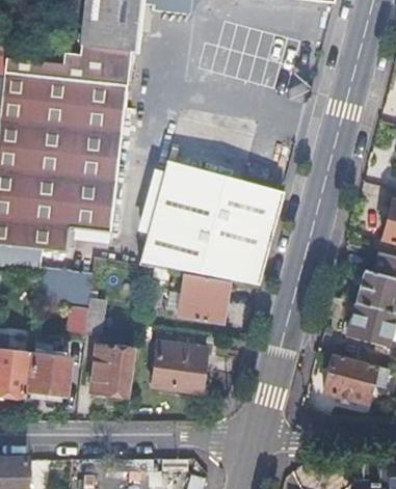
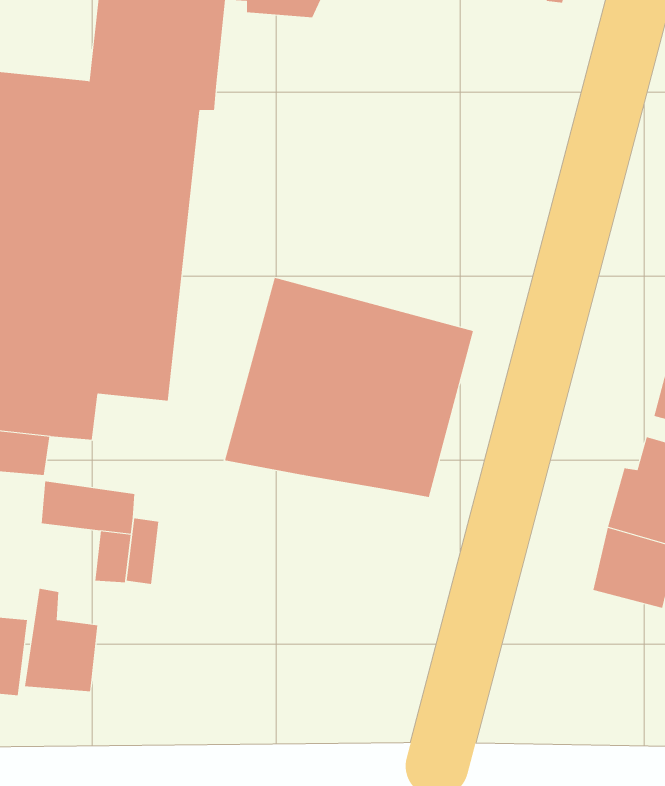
building: [178,272,228,324] -> none
building: [152,342,206,390] -> none
building: [91,344,131,393] -> none
building: [324,353,376,401] -> none

